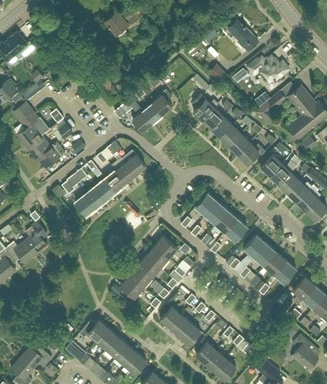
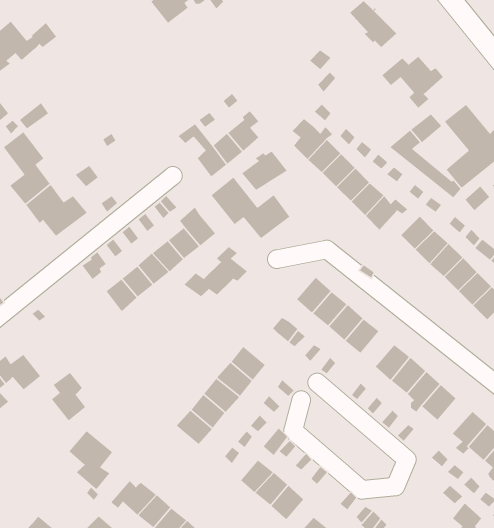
building: none -> [241,151,288,191]
building: none -> [210,177,291,239]
building: none -> [183,246,248,297]
building: [25,223,47,254] -> [51,372,86,422]
building: none -> [69,430,113,490]

